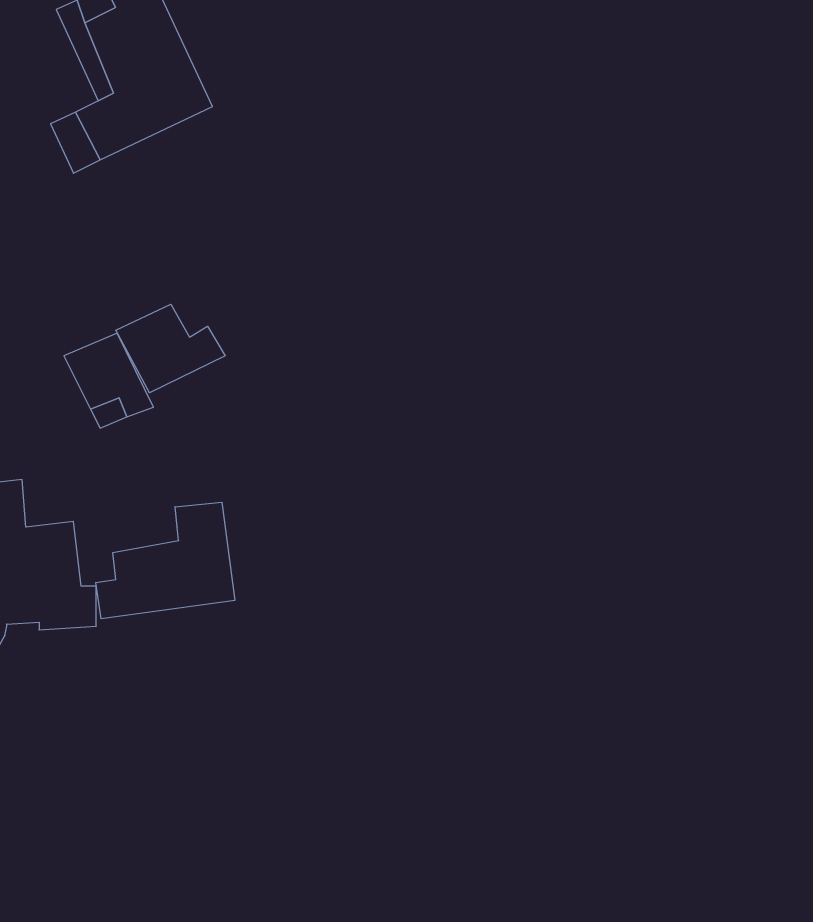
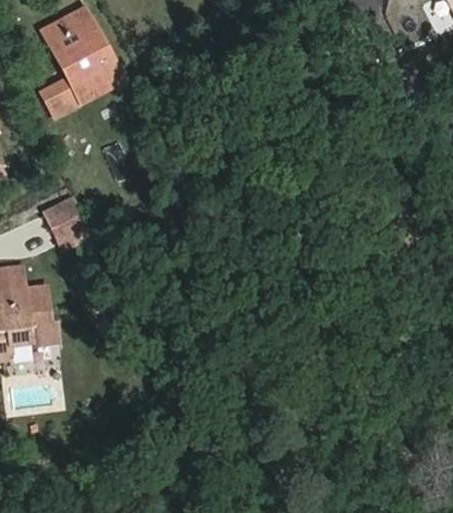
building: [116,304,225,393] -> none
building: [96,502,235,619] -> none

